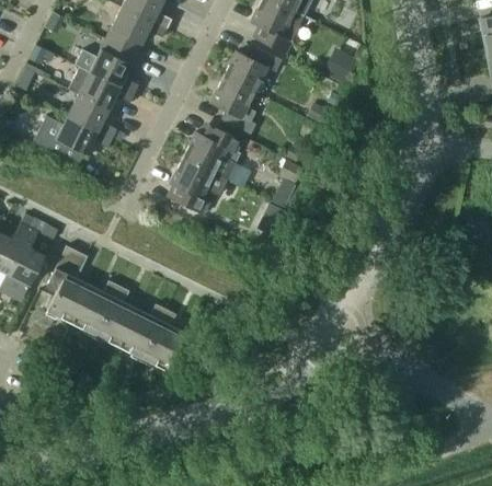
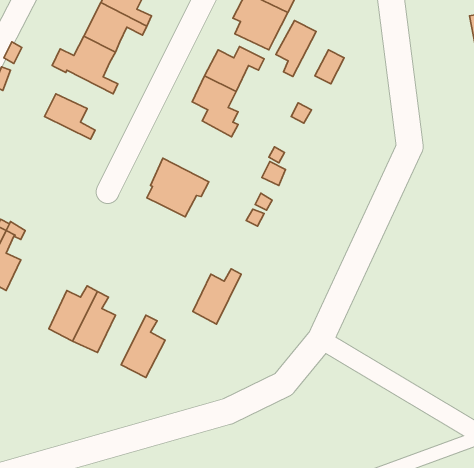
building: none -> [276,21,316,76]
building: [67,68,134,108] -> none
building: [33,115,112,164] -> none
building: [182,123,241,180] -> none
building: [46,245,89,322] -> none
building: [118,303,165,357] -> [193,269,241,324]

